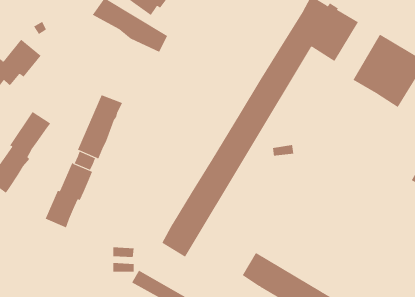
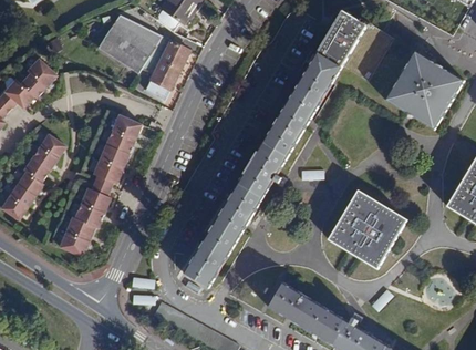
building: none -> [97,31,180,102]
building: none -> [328,191,406,268]

